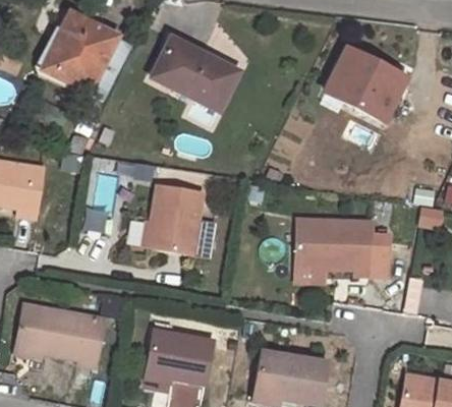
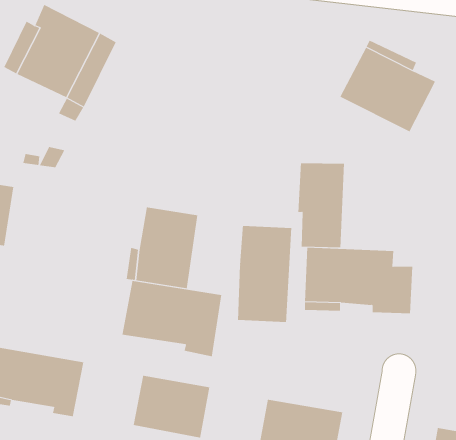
building: [152,37,238,111] -> none
building: none -> [298,162,345,248]
building: none -> [237,225,292,323]
building: none -> [122,280,222,357]

